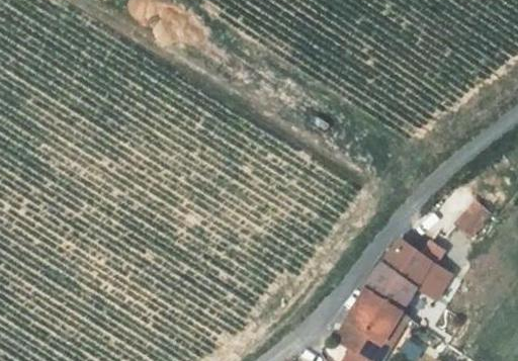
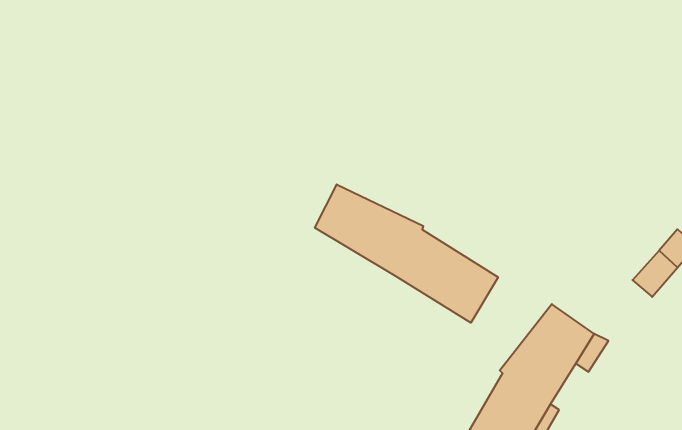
building: none -> [315,184,498,323]

